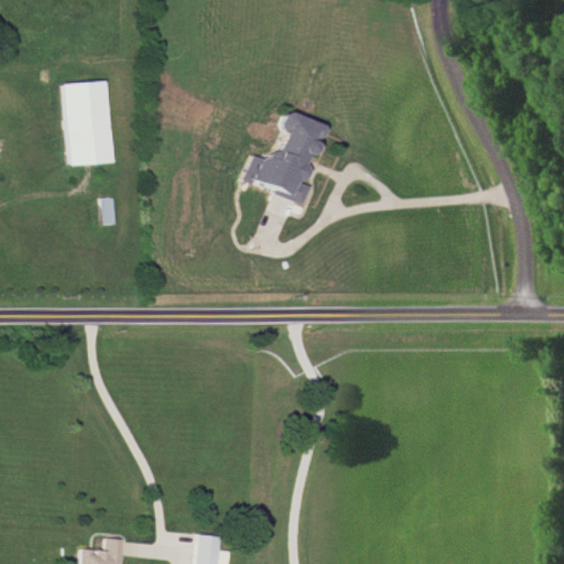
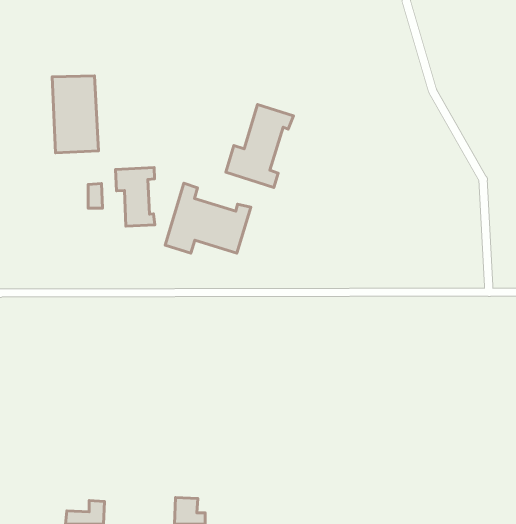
building: none -> [115,167,155,226]
building: none -> [165,183,251,253]

